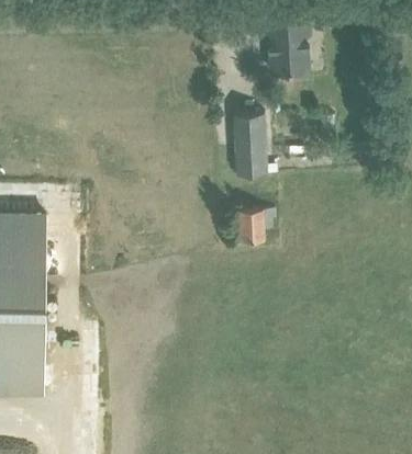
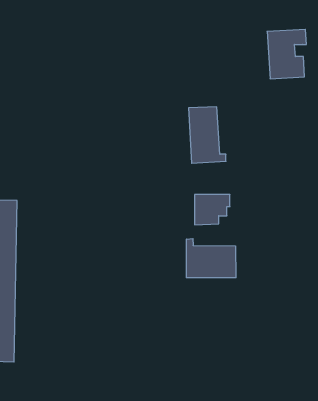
building: [268,23,311,77] -> [267,29,306,79]
building: none -> [186,239,236,278]

